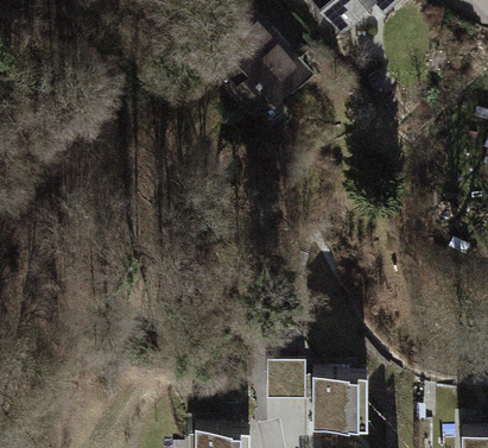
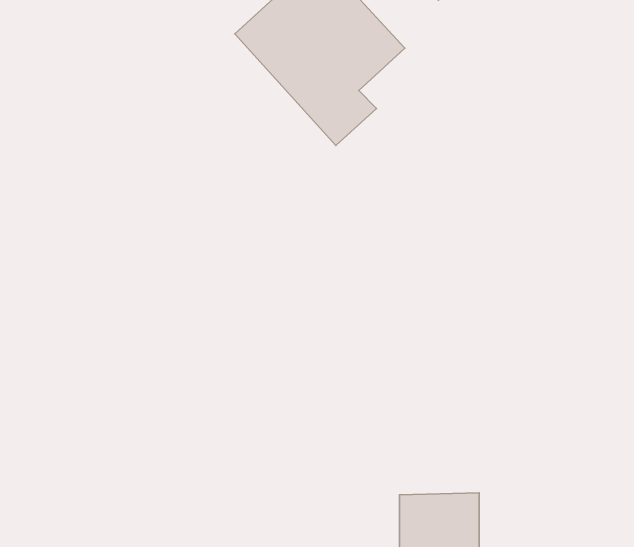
building: [267,362,304,400] -> none

